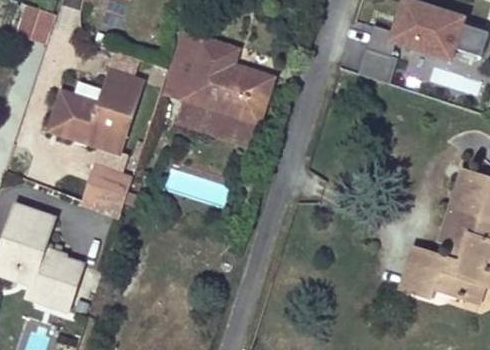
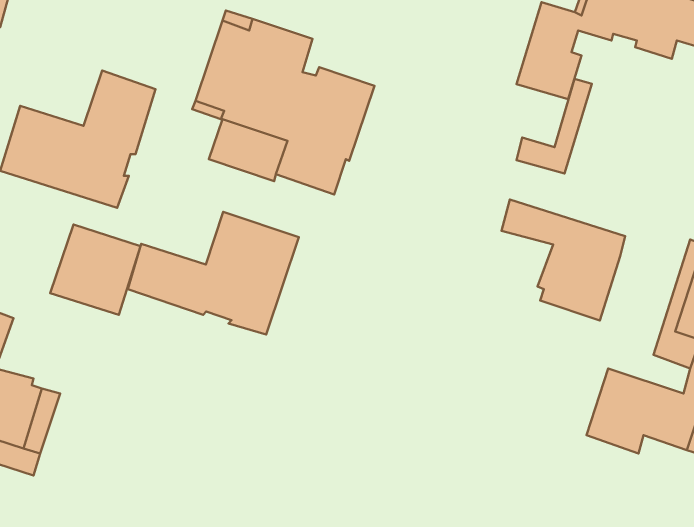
building: none -> [516,79,592,174]
building: none -> [501,200,625,320]
building: none -> [128,212,299,335]

